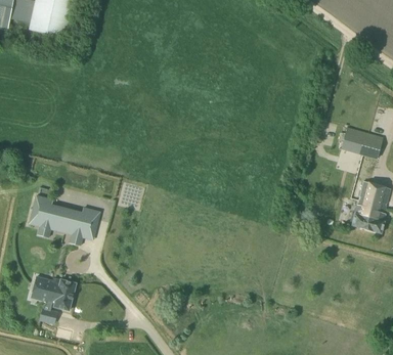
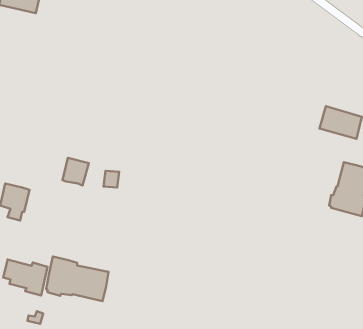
building: [70,212,95,238] -> [62,158,89,185]
building: none -> [46,256,109,301]

